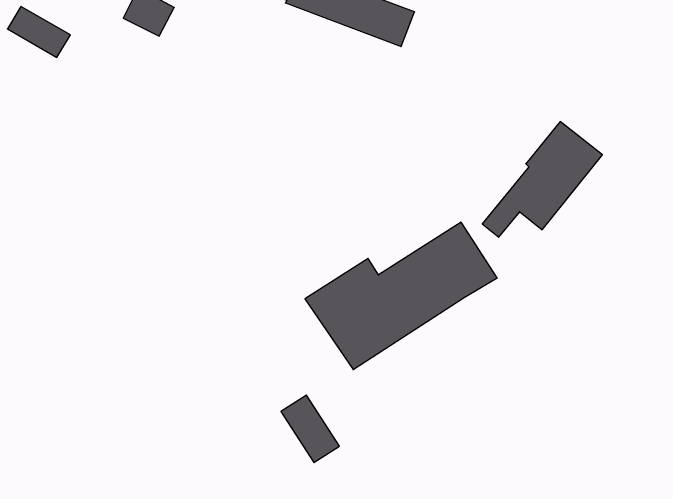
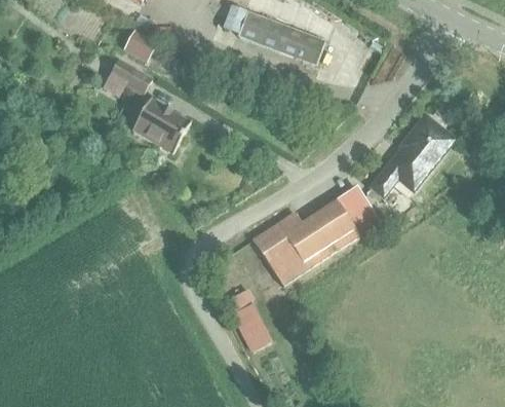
building: [7,6,70,57] -> [108,60,151,95]
building: none -> [131,99,190,153]

